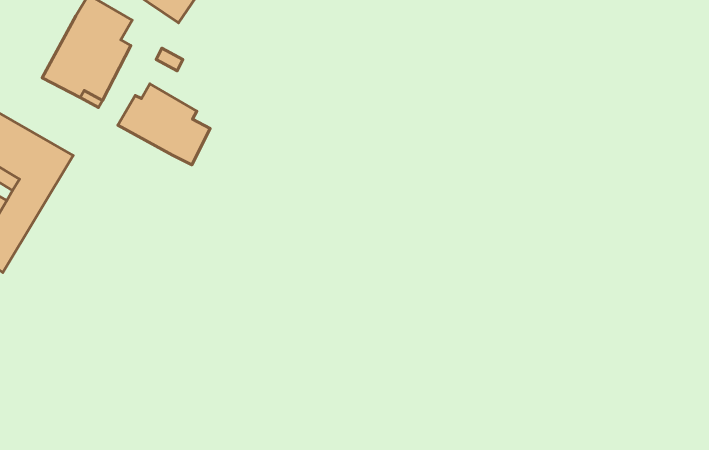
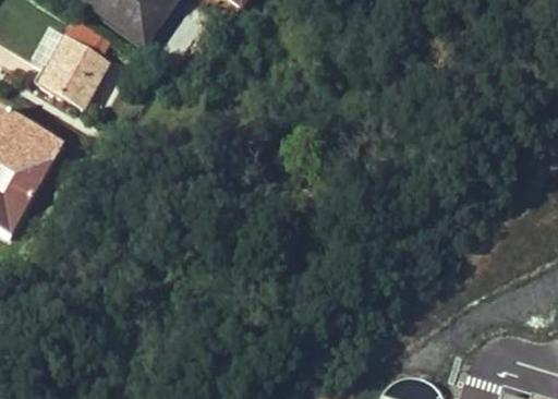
building: [118,84,210,165] -> none

